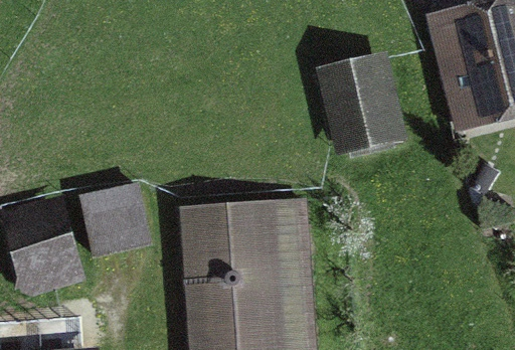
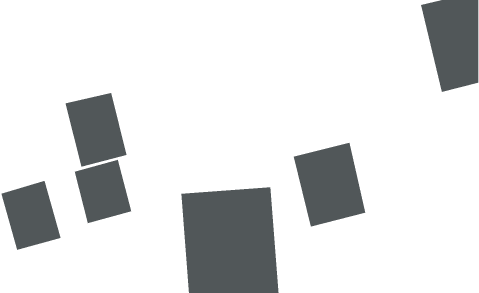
building: [325,54,402,144] -> [293,142,366,227]
building: none -> [65,92,127,167]

